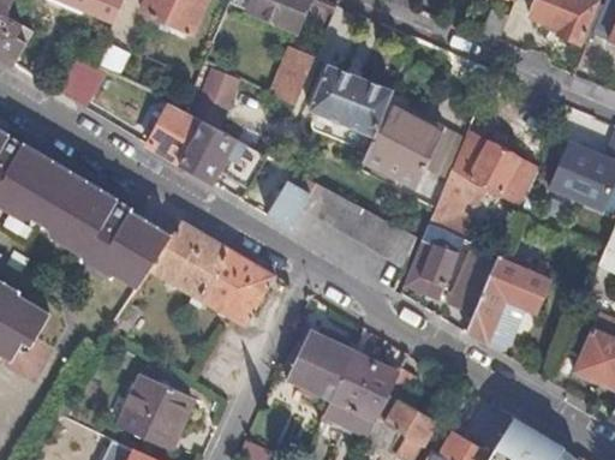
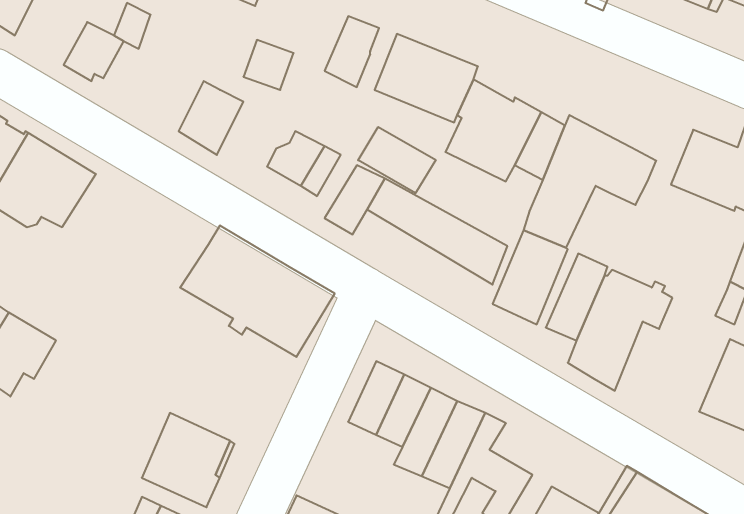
building: [179,119,229,179] -> none
building: none -> [358,127,436,193]
building: [49,178,172,287] -> none

